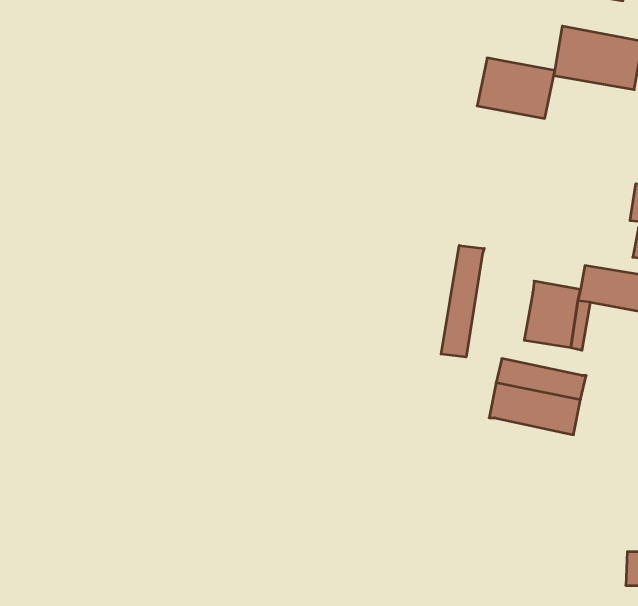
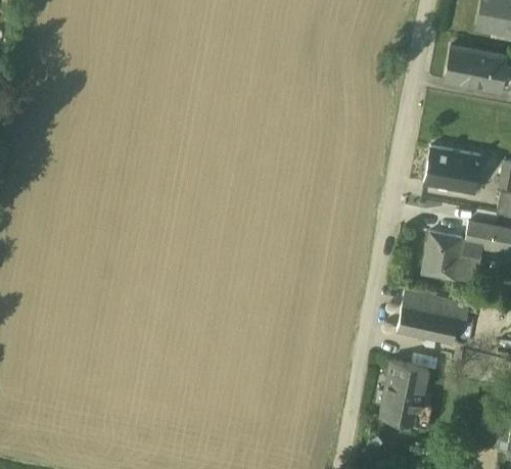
building: [477,58,555,118] -> [426,147,482,191]
building: [441,245,484,357] -> none
building: none -> [382,362,429,426]

